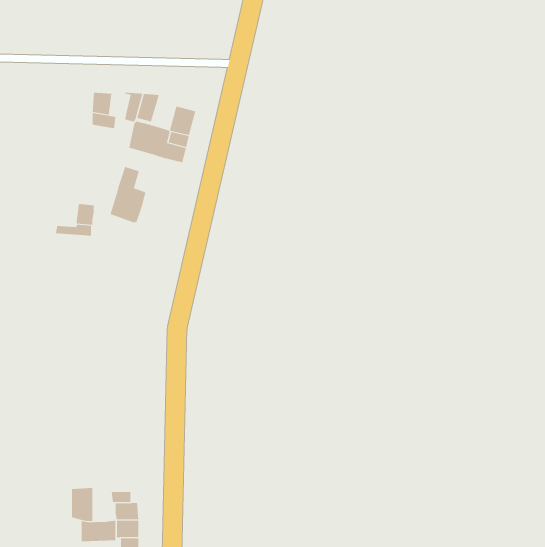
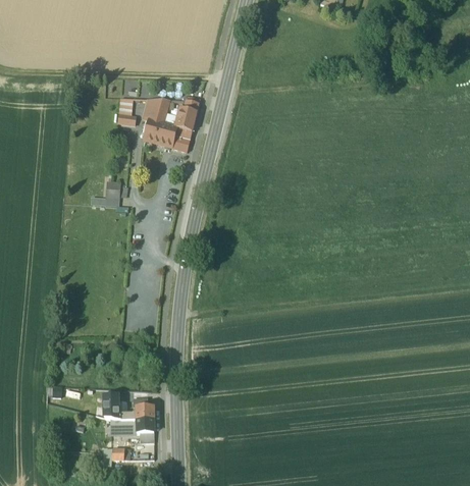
building: [110,166,146,224] -> none

